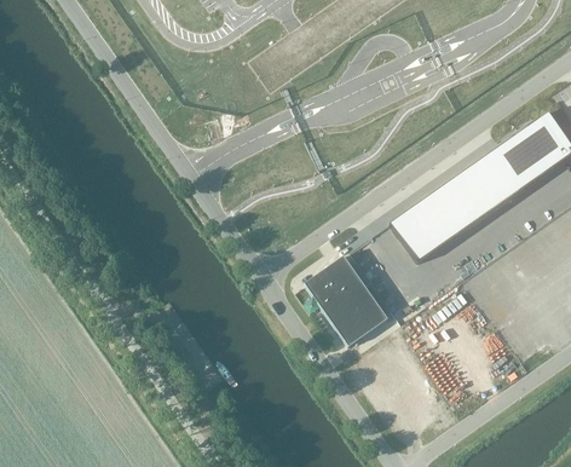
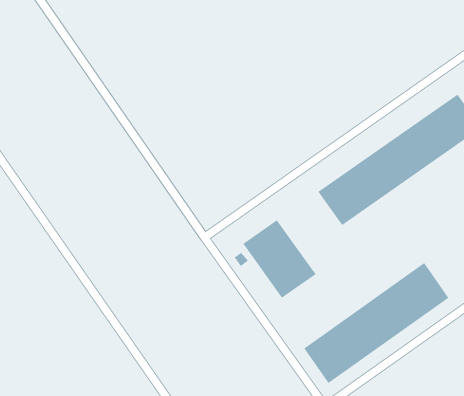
building: none -> [303,262,449,384]

